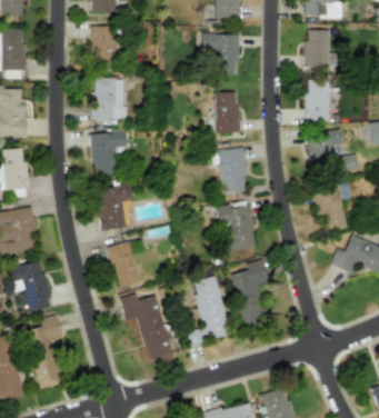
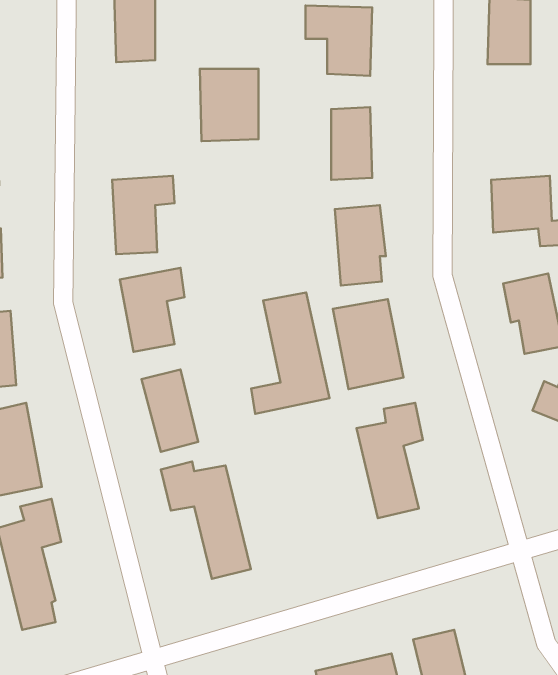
building: [91,78,124,119] -> [200,69,258,141]
building: [306,78,330,120] -> none
building: [184,276,229,345] -> [251,293,329,414]

